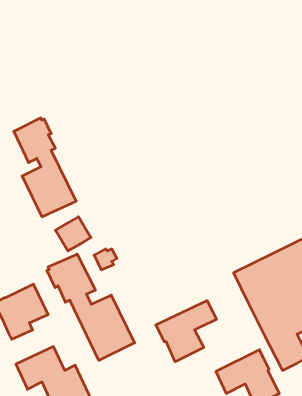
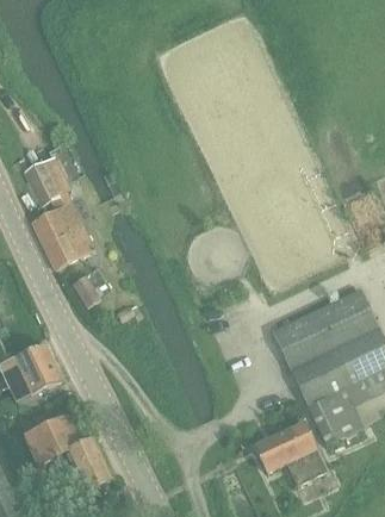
building: [47,254,135,360] -> none
building: [156,301,216,362] -> none

